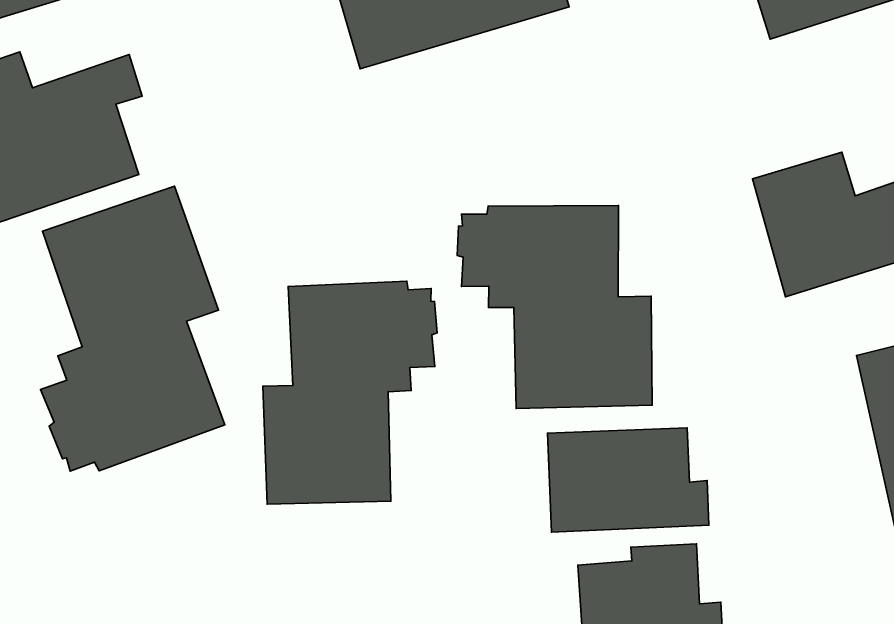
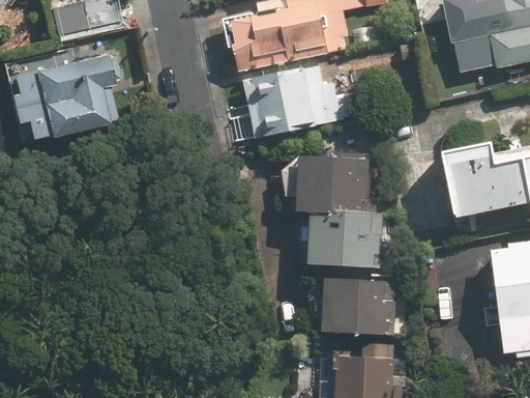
building: none -> [245,59,350,138]
building: [41,186,225,471] -> none
building: [263,281,437,504] -> none

